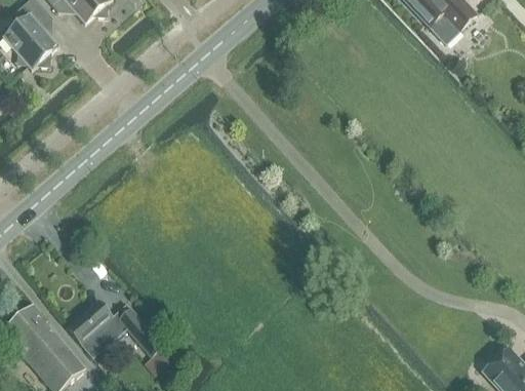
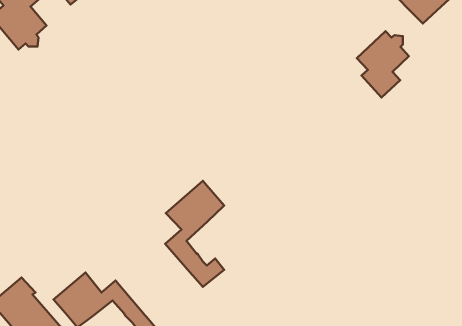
building: none -> [357,31,409,97]
building: none -> [165,181,224,287]

